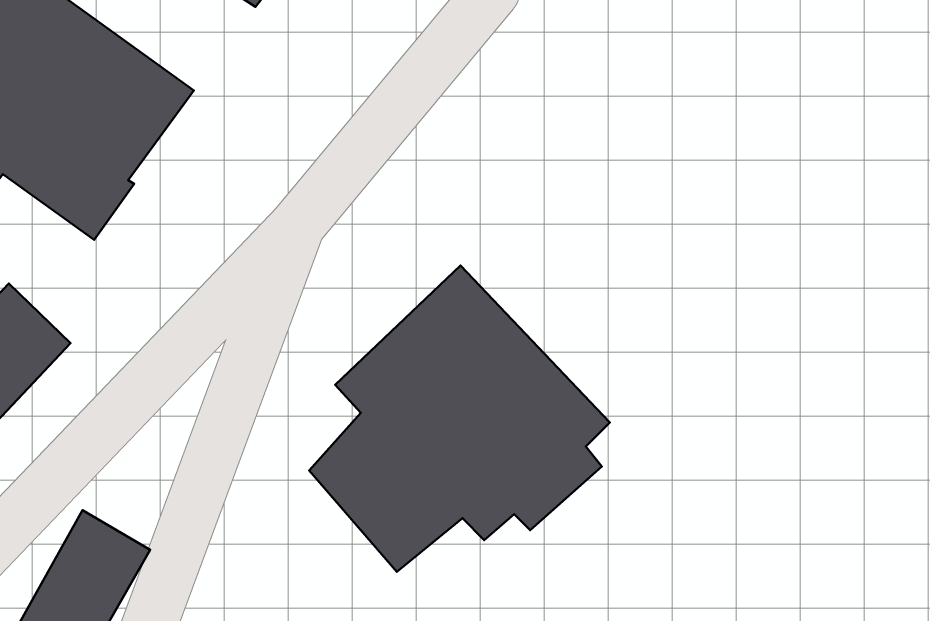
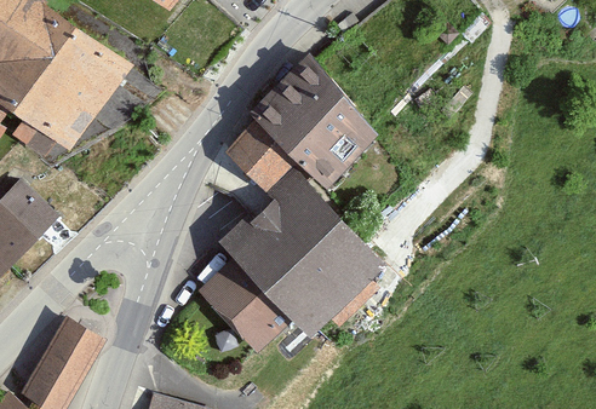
building: none -> [224,54,378,188]

